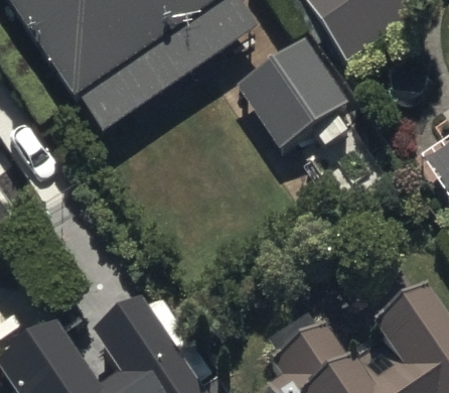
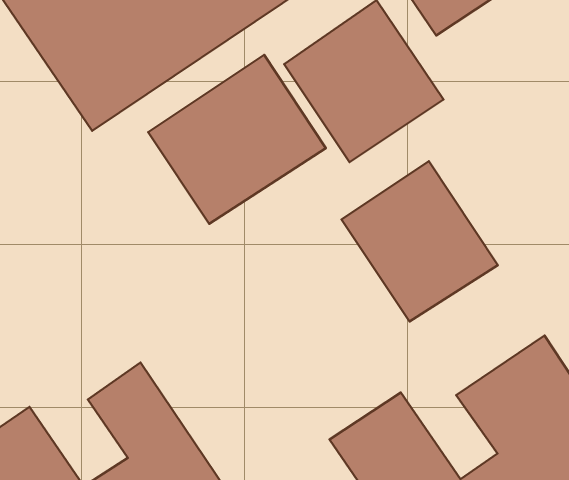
building: none -> [148,55,326,224]
building: none -> [341,161,498,321]

